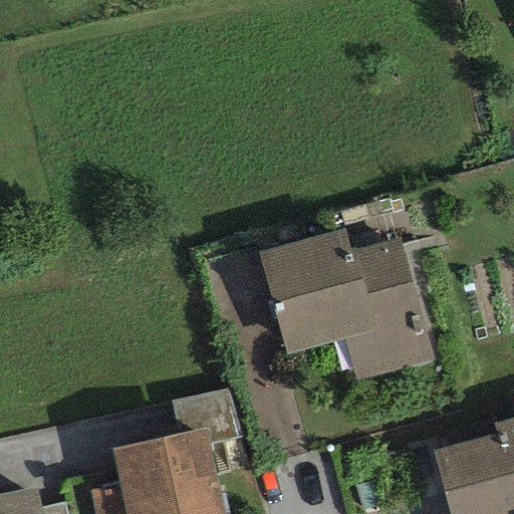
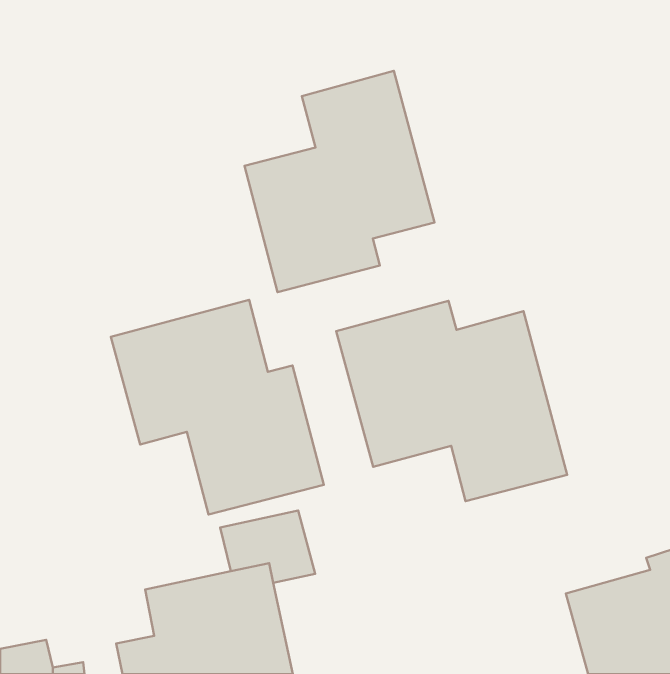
building: none -> [245,71,434,292]
building: none -> [111,300,324,515]

